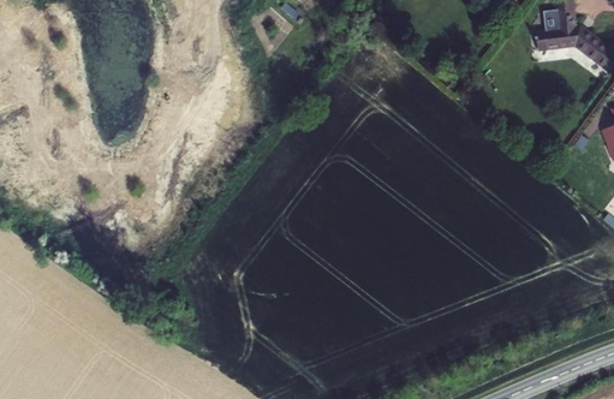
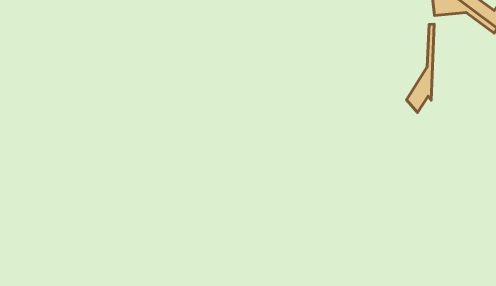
building: none -> [406,24,434,112]

